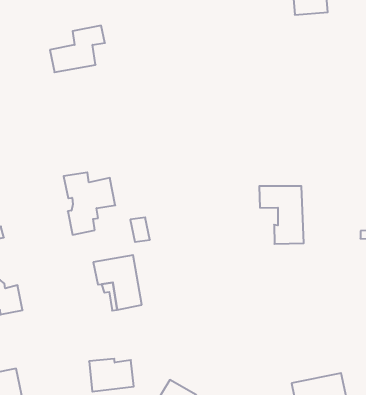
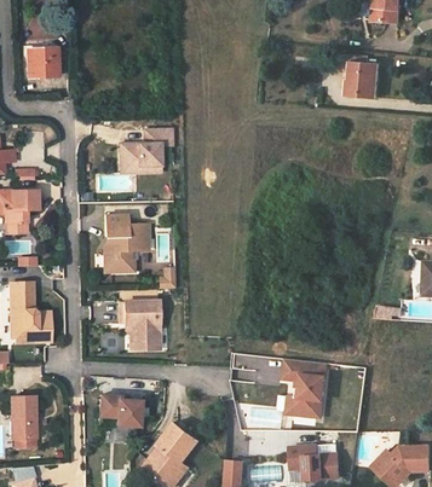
building: [50,26,105,72] -> [120,128,173,166]
building: [259,186,304,244] -> [284,358,327,418]

